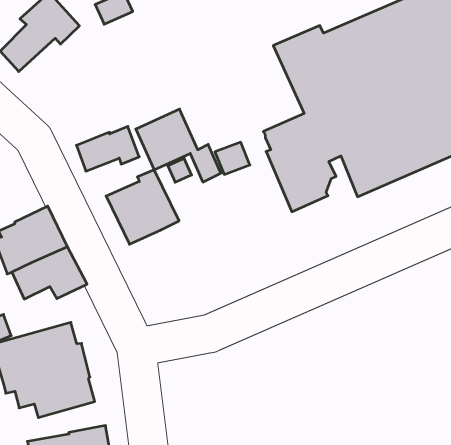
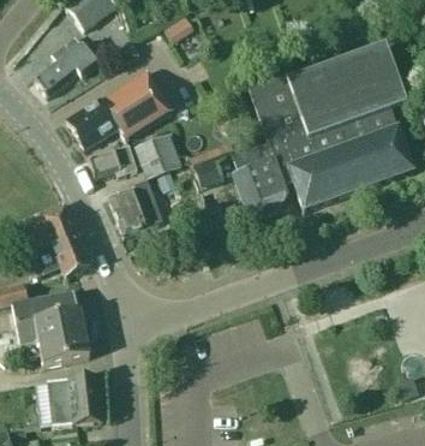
building: none -> [66,67,174,147]

